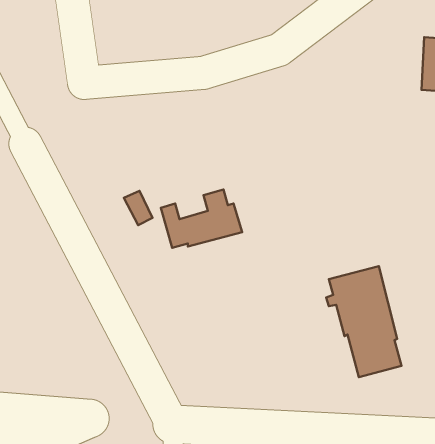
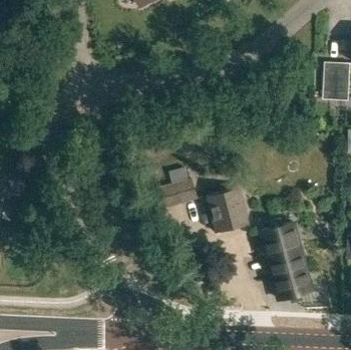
building: none -> [207,188,249,233]

